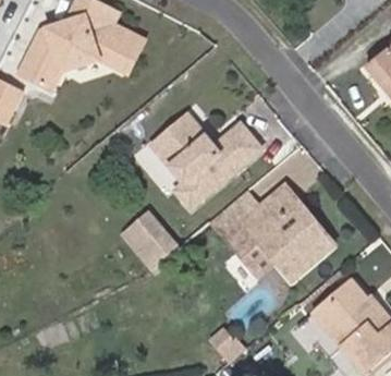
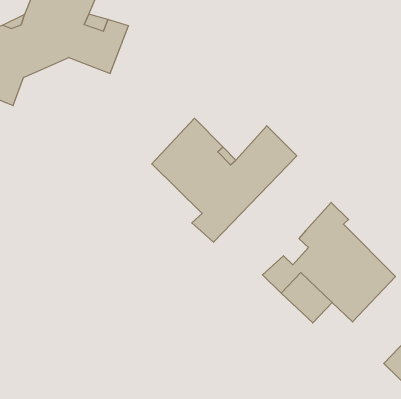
building: [210,189,264,236] -> none
building: [119,209,172,263] -> none

